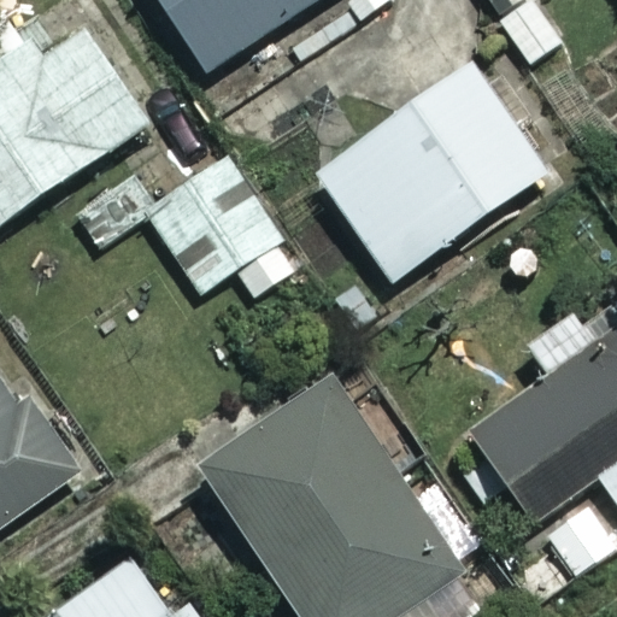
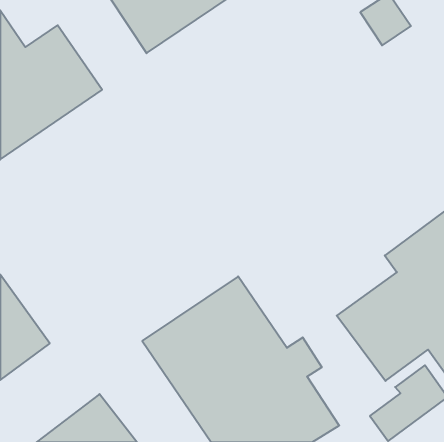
building: [315,66,543,282] -> none
building: [72,121,301,295] -> none

